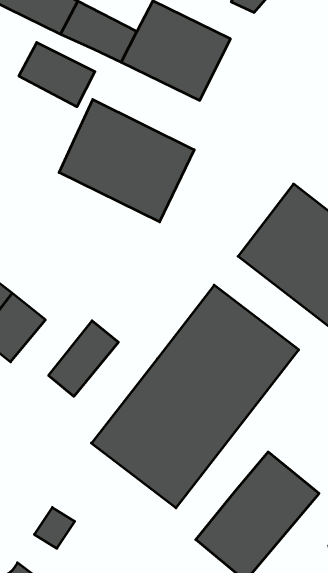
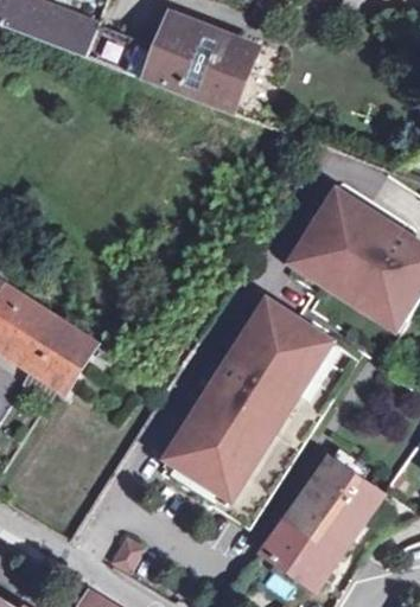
building: [19,42,95,107] -> none
building: [59,99,194,222] -> none
building: [49,321,118,396] -> none

